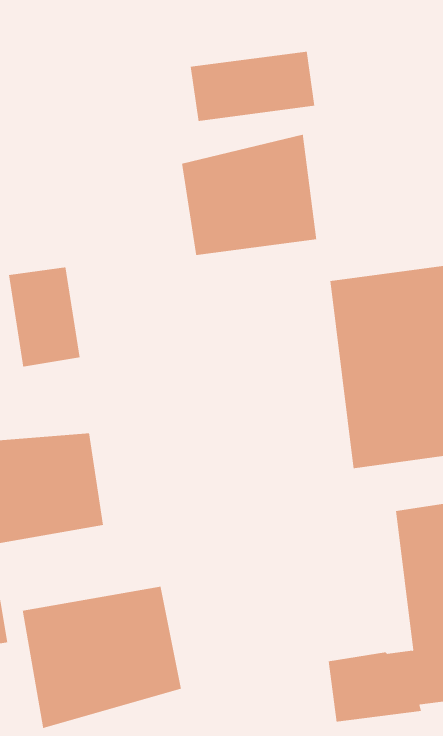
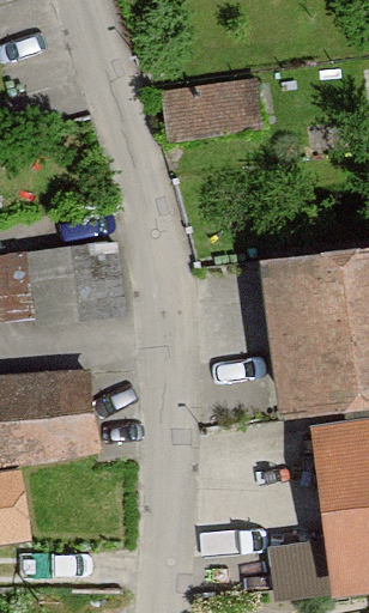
building: [181,134,317,256] -> none
building: [22,586,181,729] -> none

